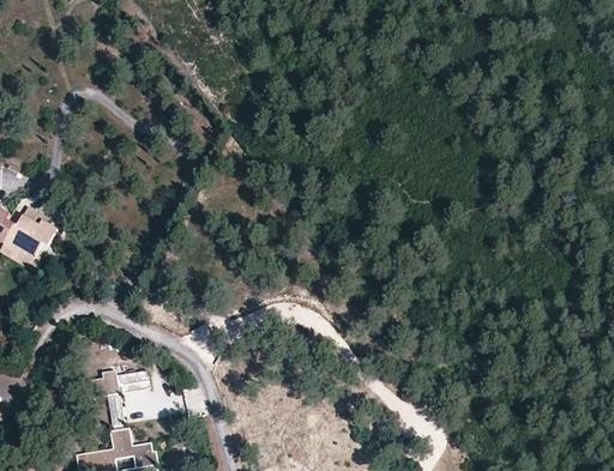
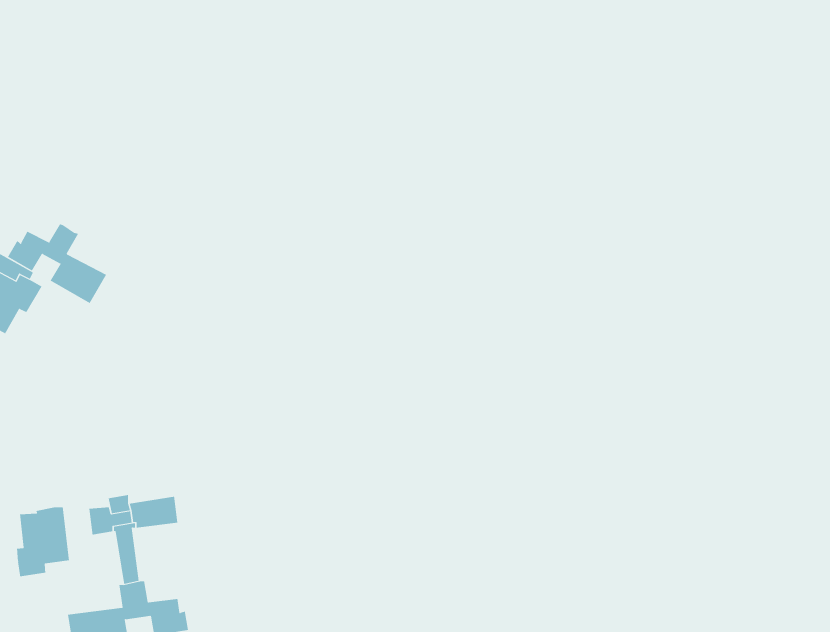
building: none -> [7,223,107,304]
building: none -> [16,507,70,577]

